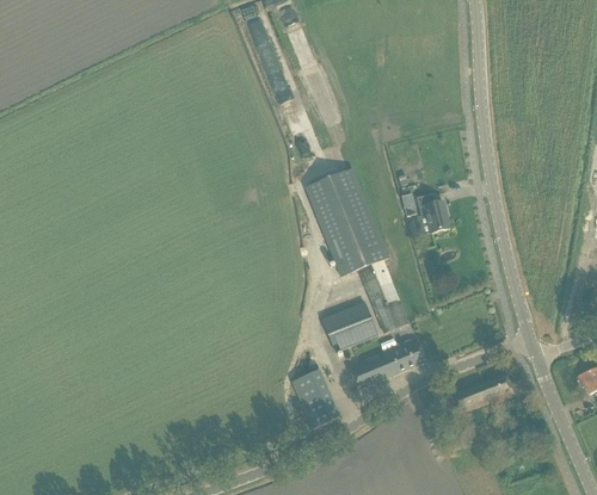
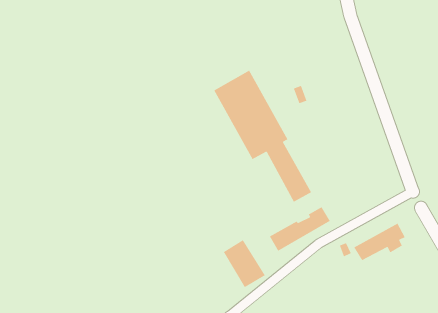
building: [416,193,449,233] -> none
building: [321,301,376,351] -> none

